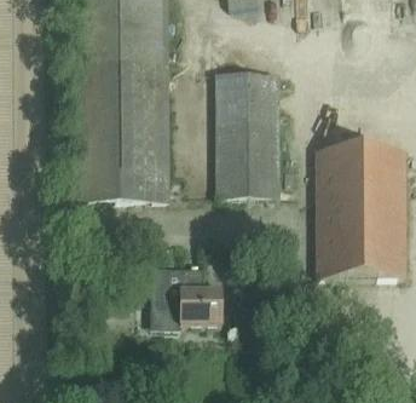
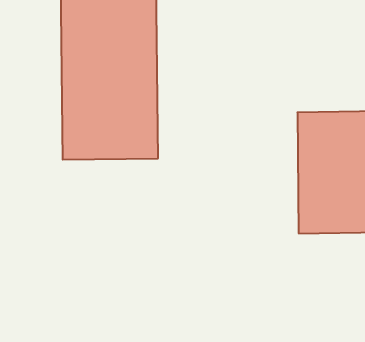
building: [215,71,279,196] -> none
building: [150,267,221,329] -> none

